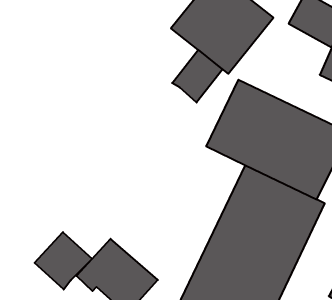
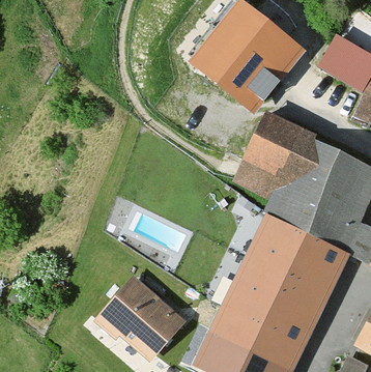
building: [172,50,223,103] -> none
building: [35,232,92,290] -> none

